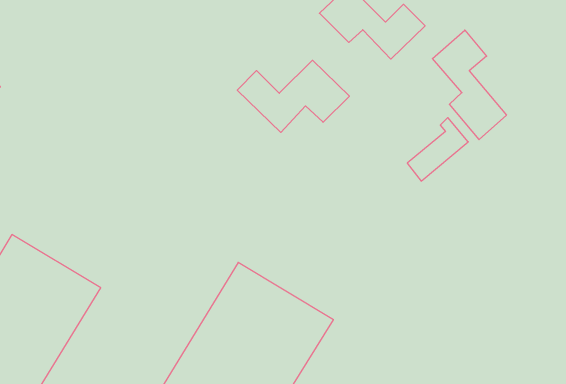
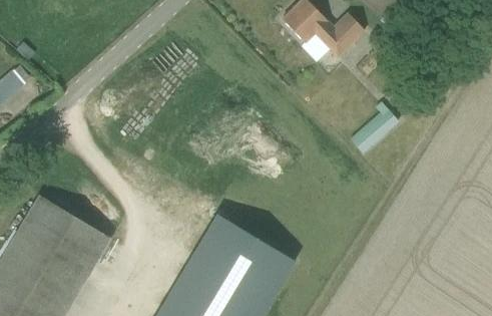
building: [432,30,506,140] -> none
building: [237,60,349,132] -> none

